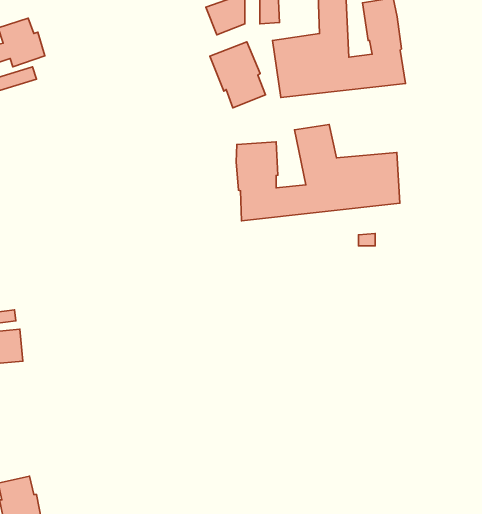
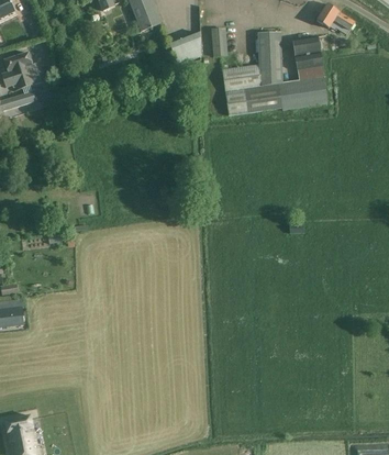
building: [210,42,265,108] -> none
building: [236,124,400,221] -> none

